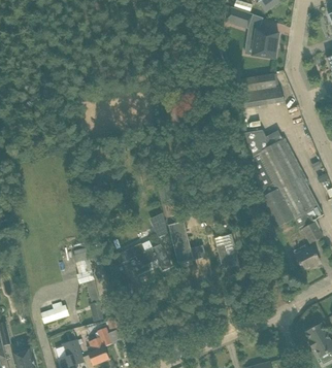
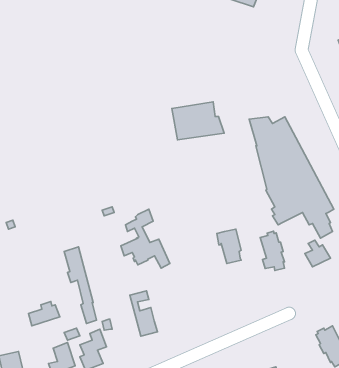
building: [245,29,279,58] -> none
building: [237,73,286,108] -> [172,102,224,140]
building: [169,221,195,263] -> [130,291,158,336]
building: none -> [260,231,285,271]

